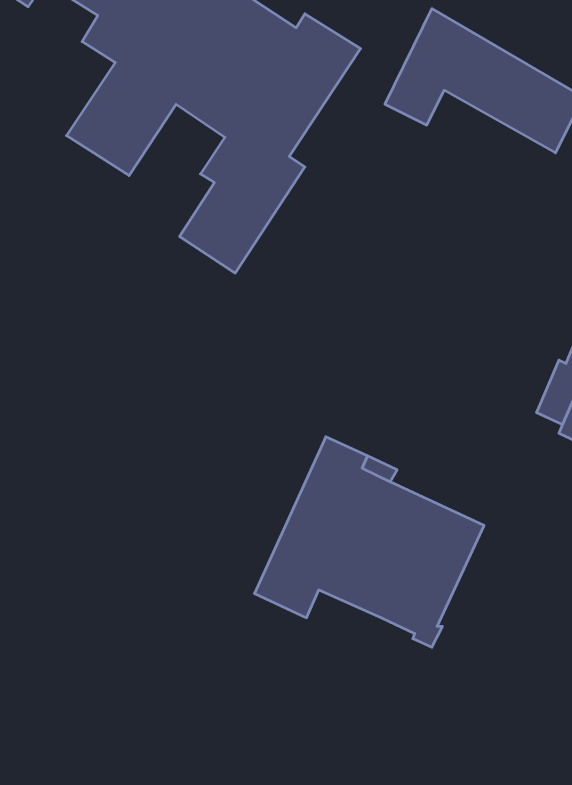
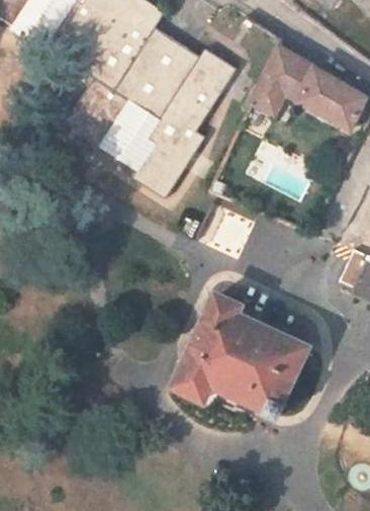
building: none -> [102,101,158,167]

